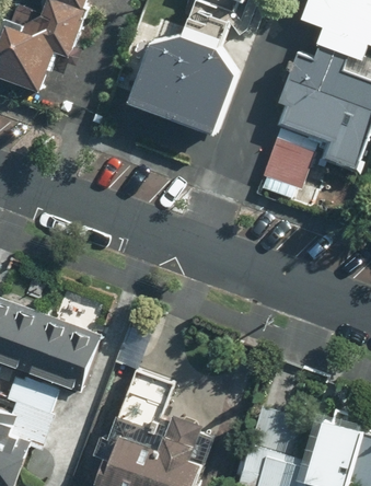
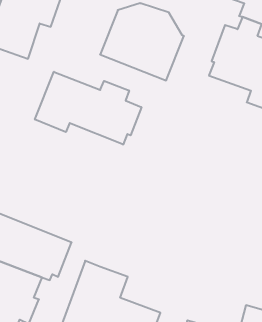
building: none -> [35,72,141,145]
building: [260,135,315,192] -> none

